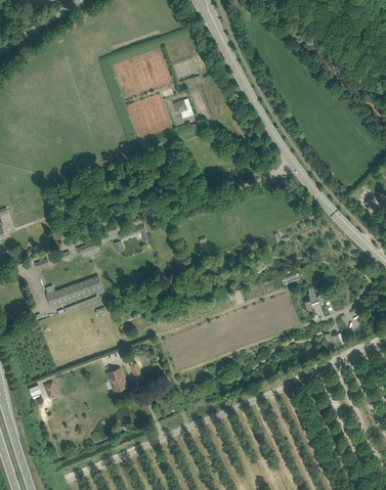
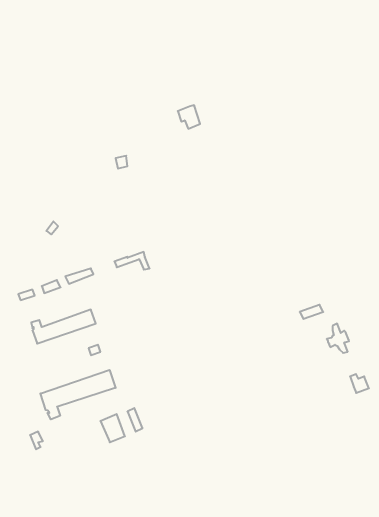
building: none -> [40,370,116,419]

